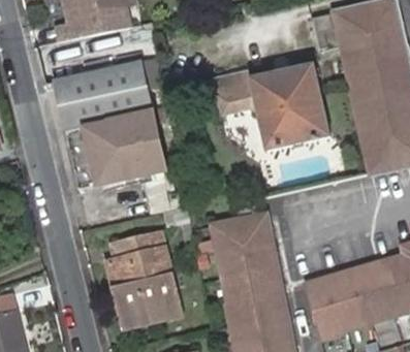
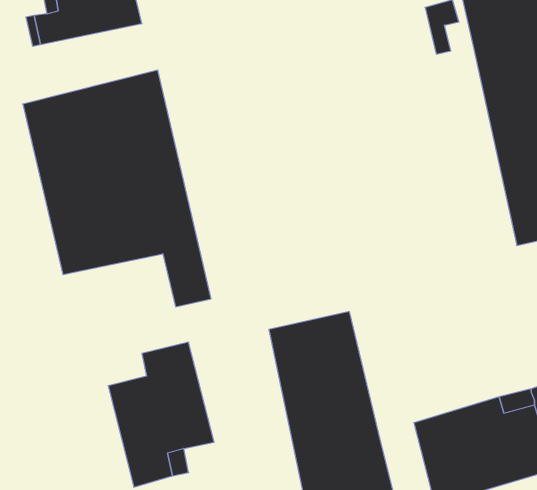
building: [201,64,329,151] -> none

